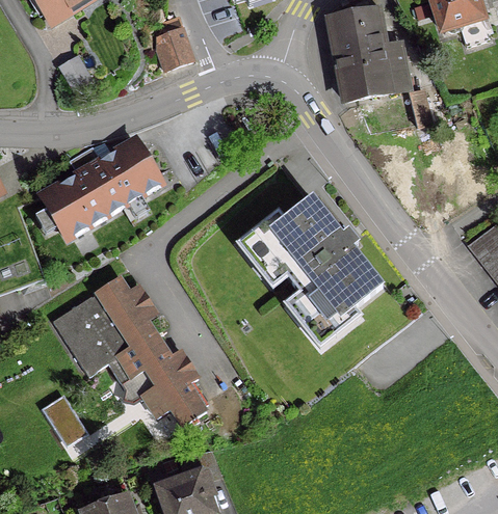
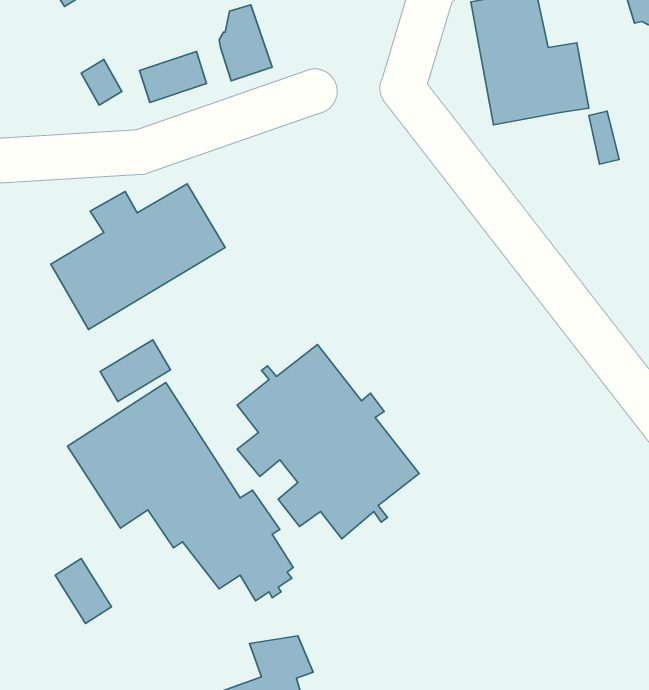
building: none -> [140,51,207,102]
building: [257,197,382,330] -> [237,345,419,539]
building: none -> [100,340,170,401]

